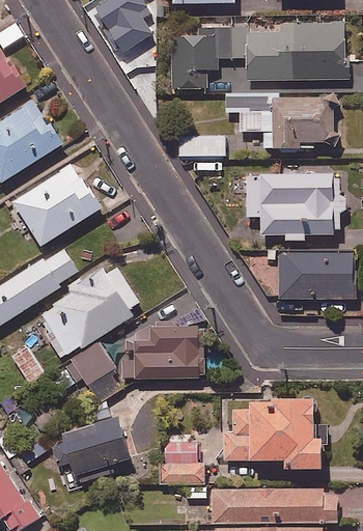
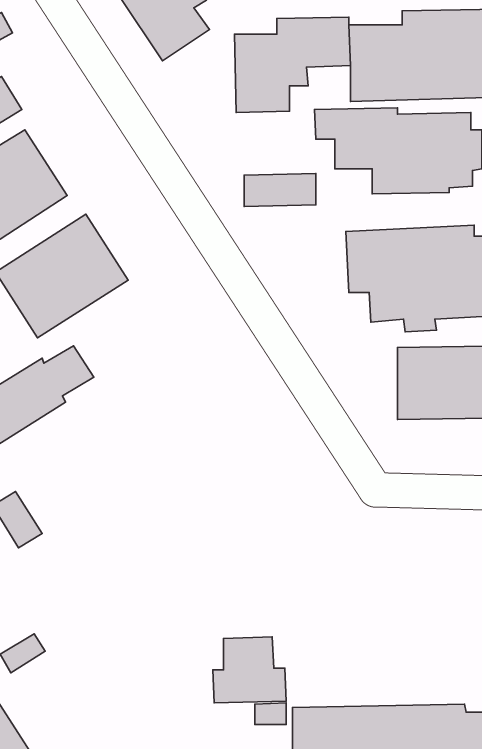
building: [45,266,139,355] -> none
building: [120,325,207,381] -> none
building: [54,343,120,403] -> none
building: [224,392,323,467] -> none
building: [54,416,133,484] -> none

